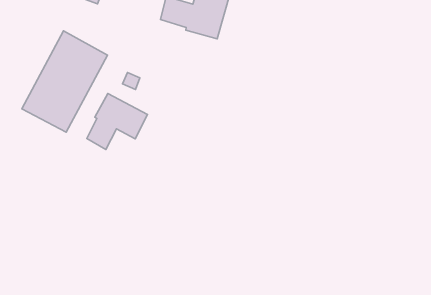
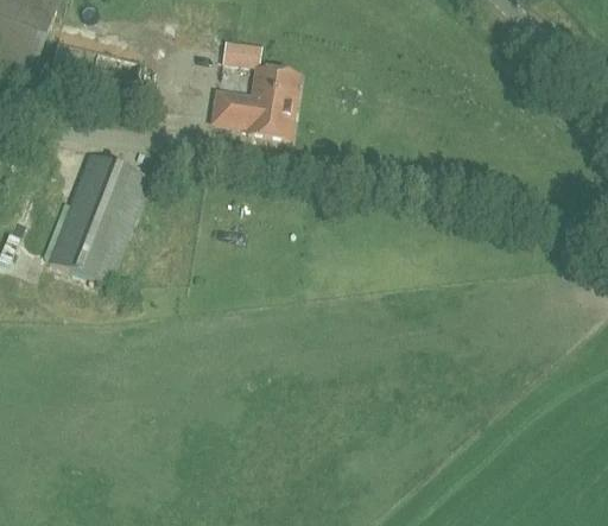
building: [87,93,147,150] -> none

